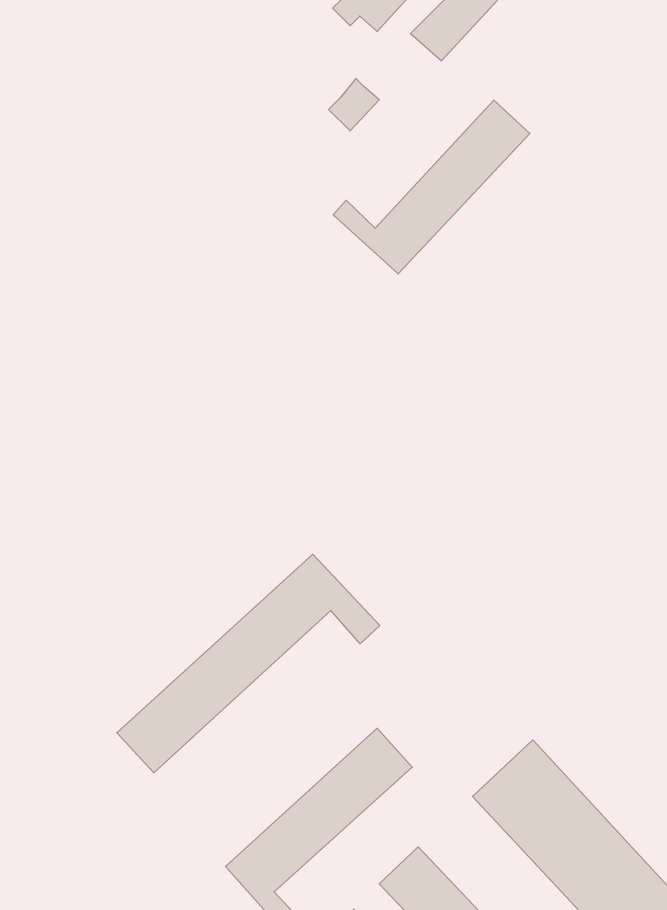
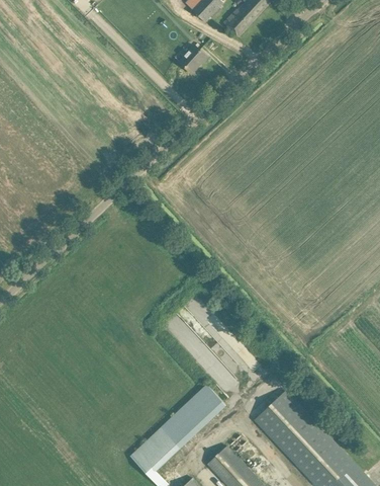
building: [333,100,530,274] -> none
building: [117,554,380,773] -> none

